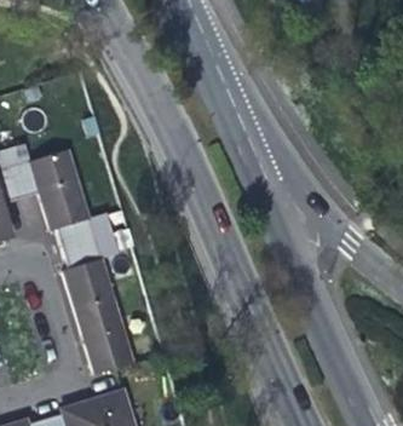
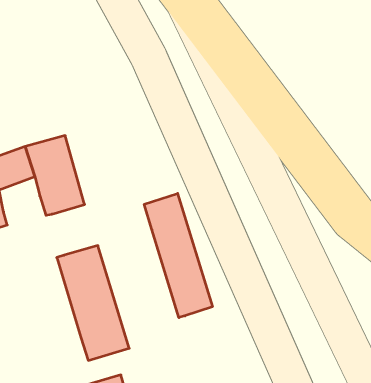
building: none -> [144,193,212,318]
building: [54,219,100,270] -> none

